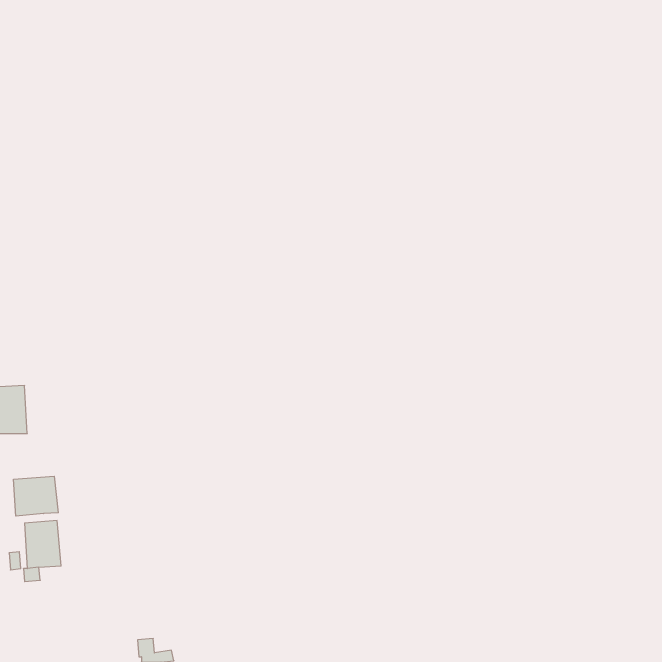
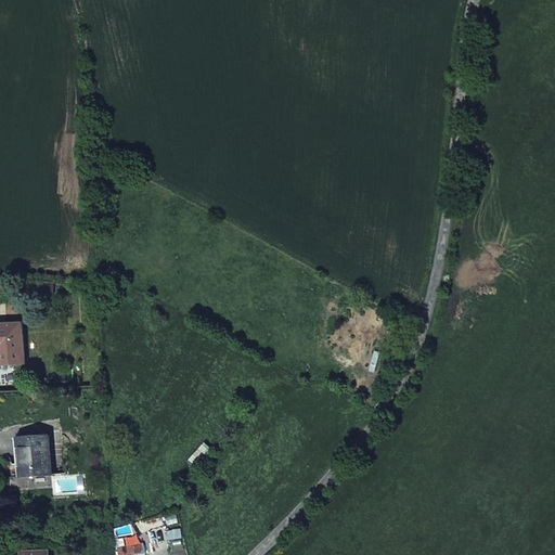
building: [14,476,58,516] -> none

